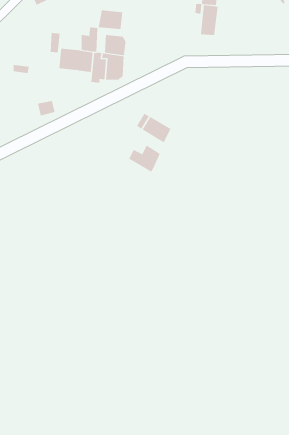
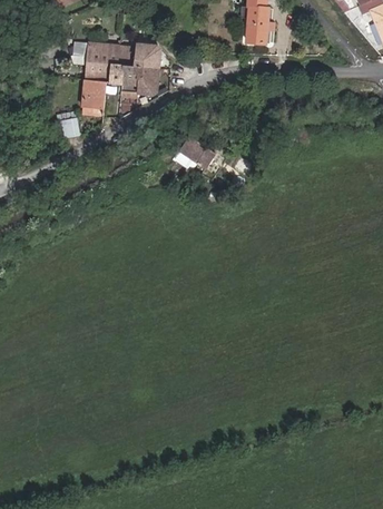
building: [98,10,123,30] -> none
building: none -> [84,81,106,110]
building: [128,144,161,173] -> none

